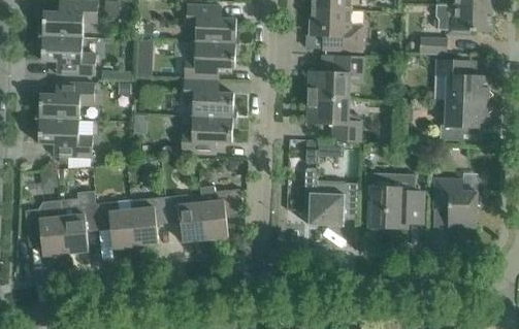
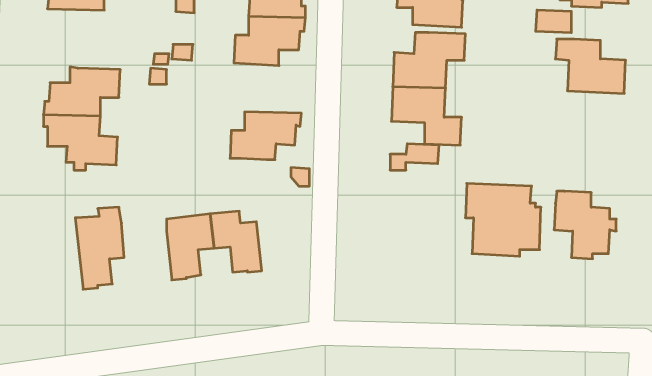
building: [38,36,96,75] -> none
building: [183,78,236,118] -> none
building: [439,100,488,140] -> none
building: [303,169,355,226] -> none
building: [200,186,244,240] -> none
building: [25,199,66,256] -> none
building: [96,201,135,249] -> none

